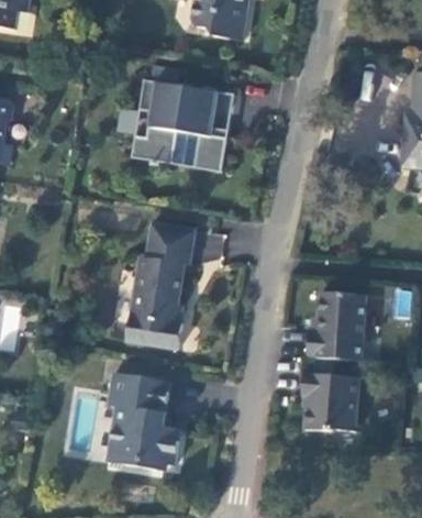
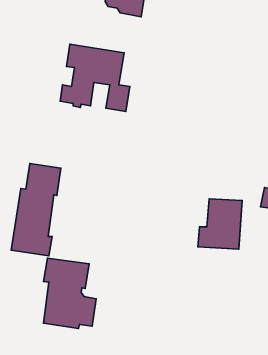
building: [122,222,190,349] -> [11,164,61,256]
building: [311,373,369,432] -> none

